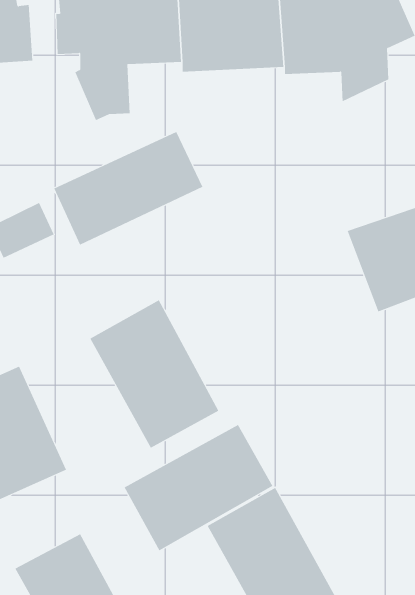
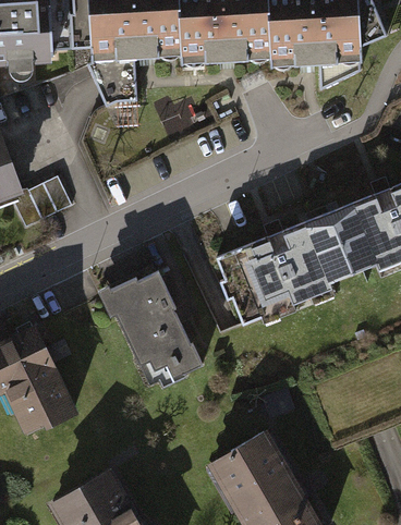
building: [53,131,203,245] -> none
building: none -> [212,207,353,319]
building: [124,424,273,551] -> none

